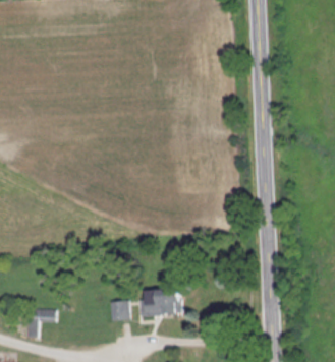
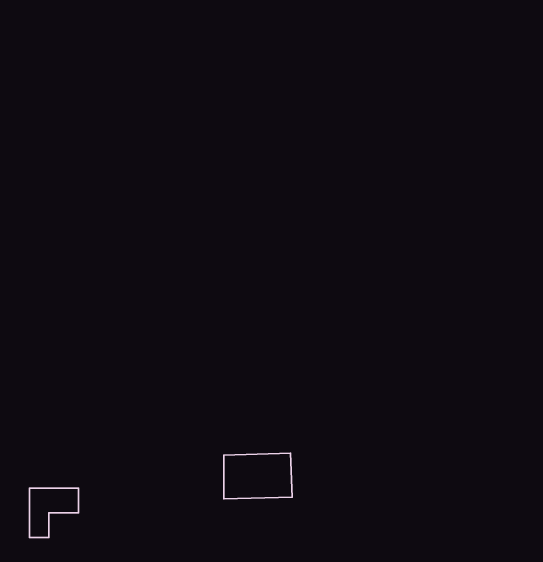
building: [111,300,129,320] -> none

